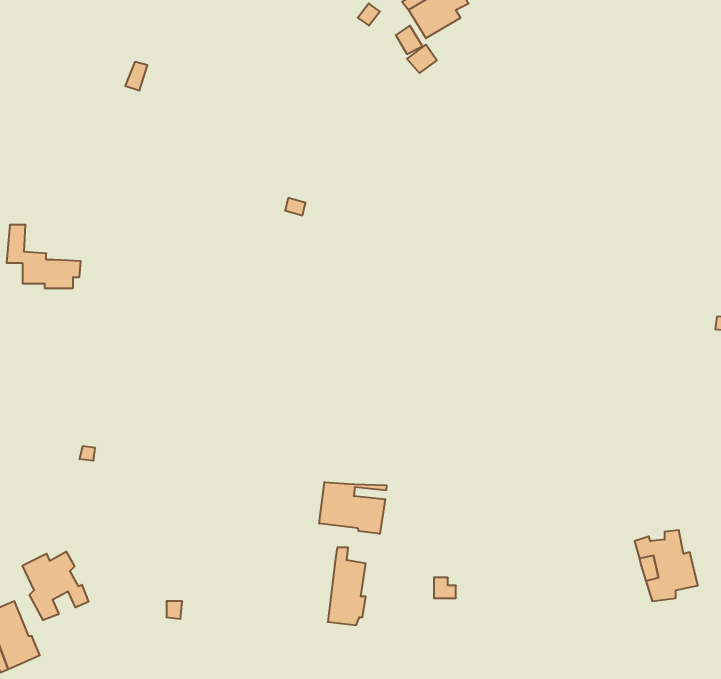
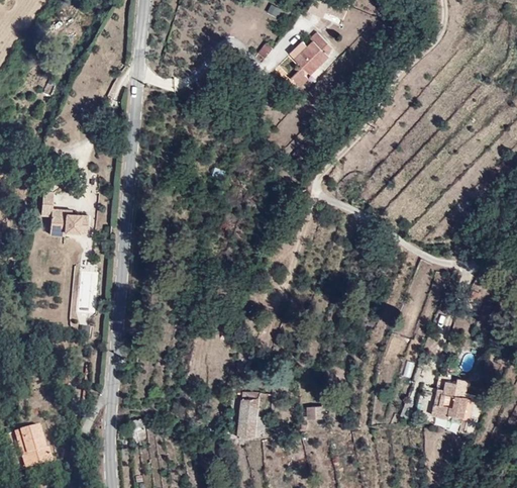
building: [319,482,386,534] -> none
building: [22,551,88,620] -> none

